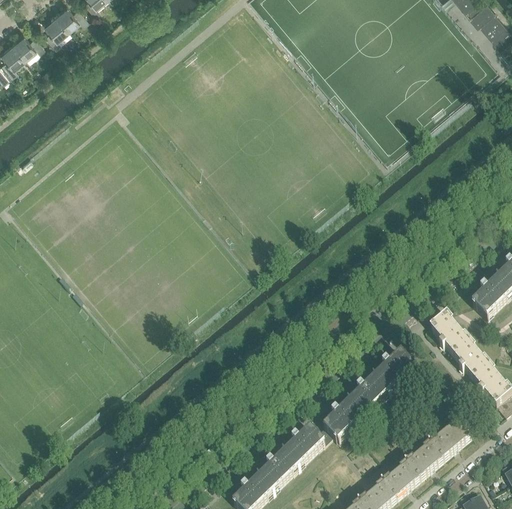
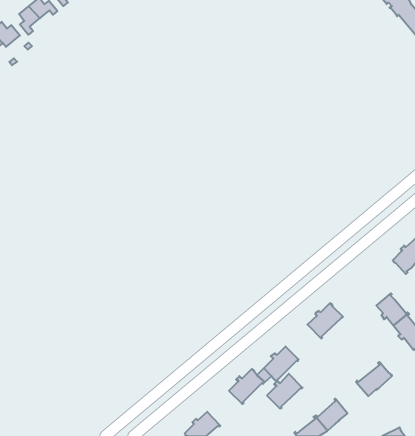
building: [429,309,469,351] -> none
building: [348,373,389,413] -> [267,374,303,409]
building: [405,439,443,475] -> none
building: [258,449,298,489] -> none

